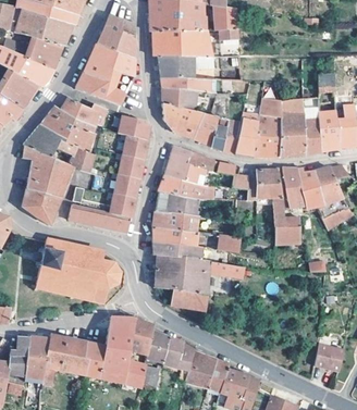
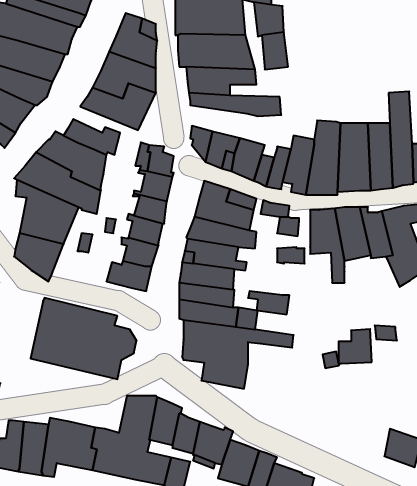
building: [162,86,207,111] -> none
building: [70,203,100,225] -> none
building: [274,216,300,244] -> [339,329,372,364]

